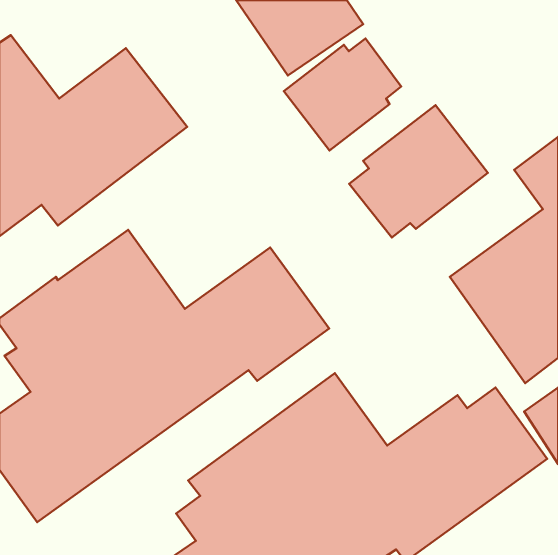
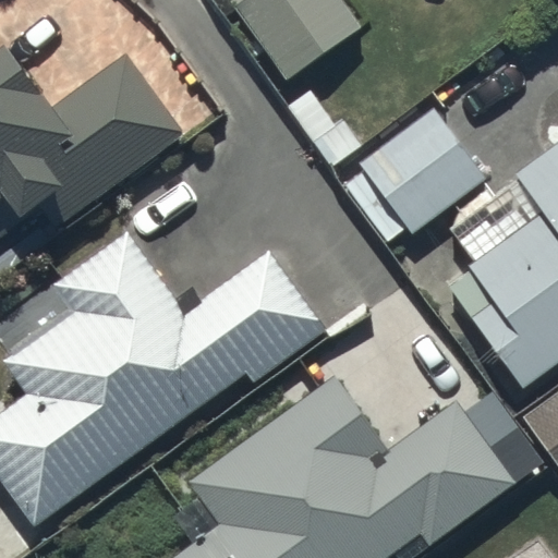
building: [284,39,401,151] -> none

